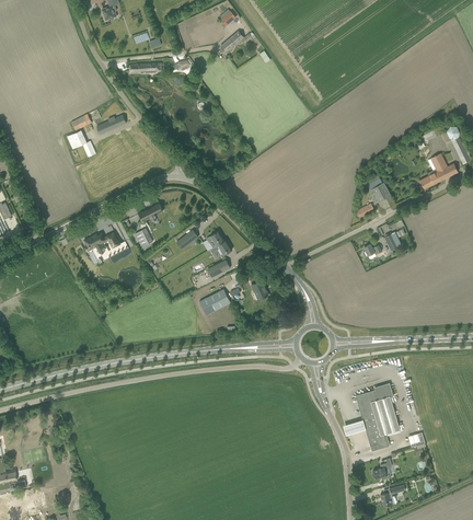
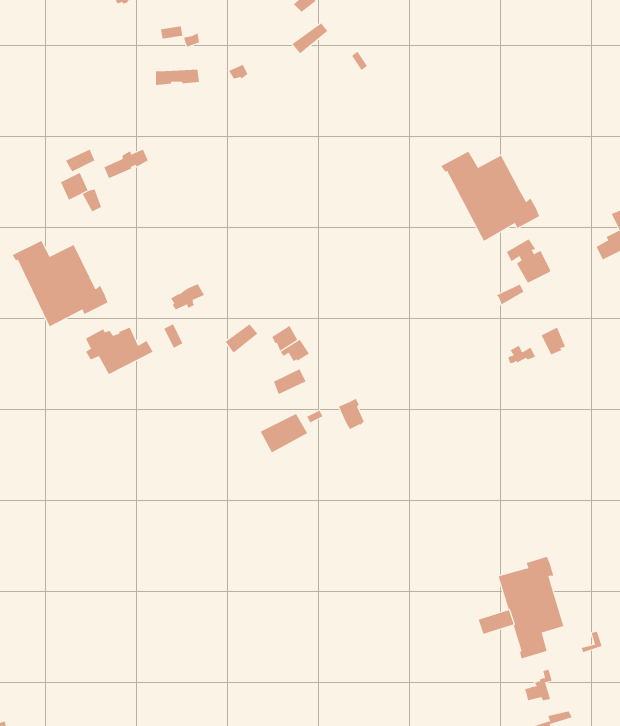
building: none -> [440,151,540,242]
building: none -> [12,240,108,327]

